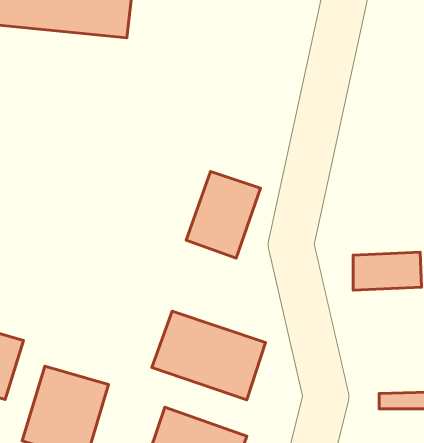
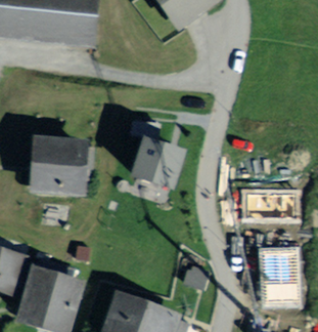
building: none -> [31,136,82,189]
building: [152,311,265,400] -> none

